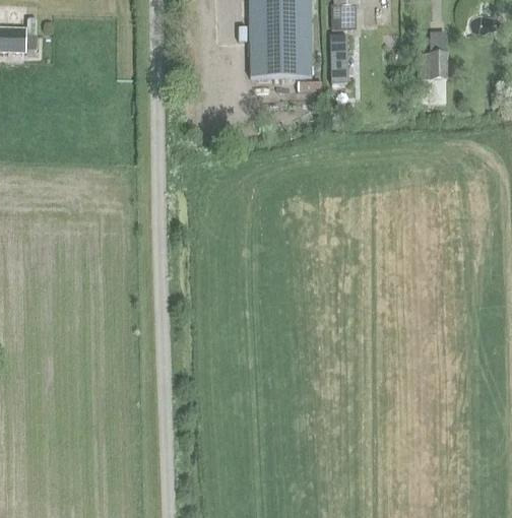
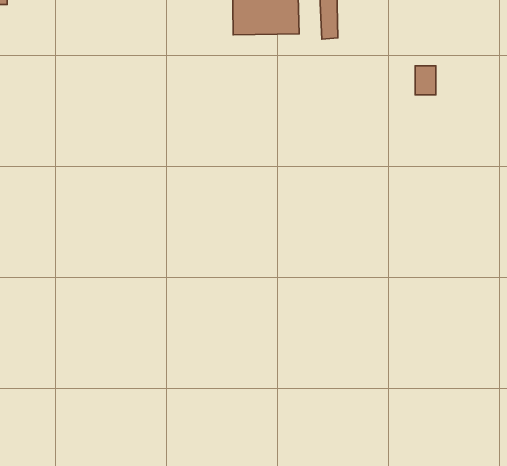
building: [430,49,449,76] -> [415,66,436,95]

